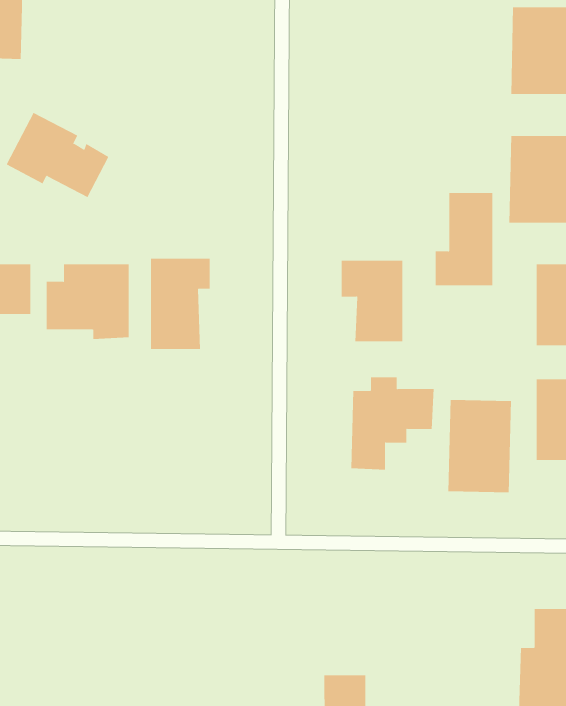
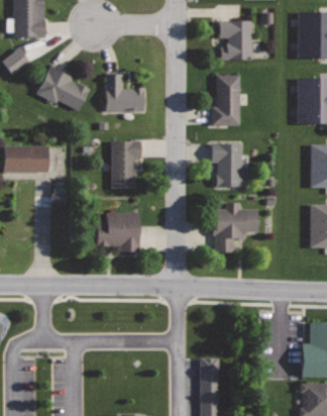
building: none -> [218,22,252,61]
building: none -> [104,75,143,113]
building: [435,192,493,286] -> [210,77,240,125]
building: [46,264,129,340] -> [96,213,139,252]
building: [448,399,512,493] -> none

